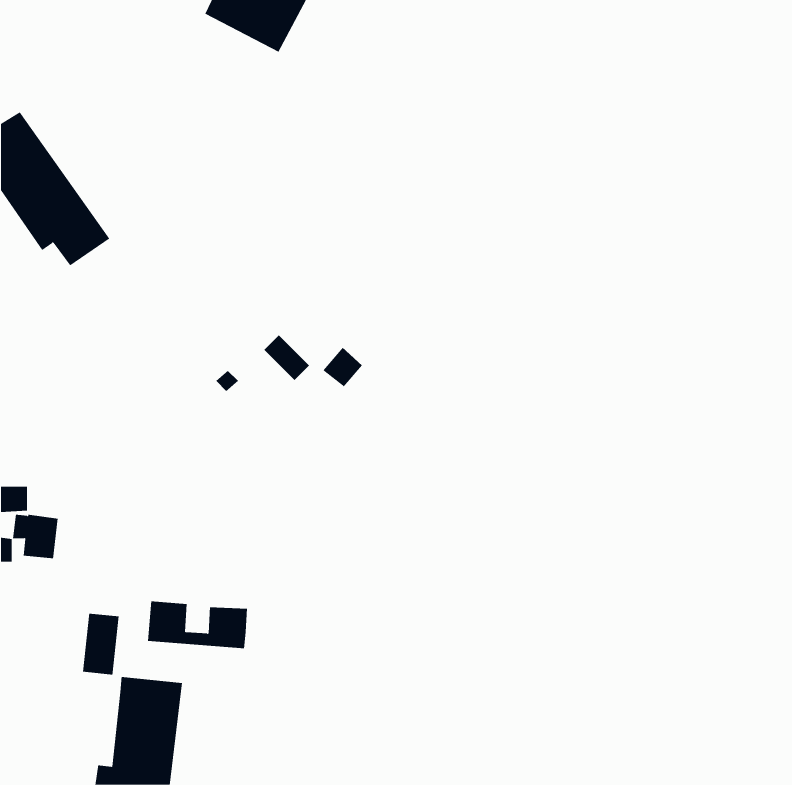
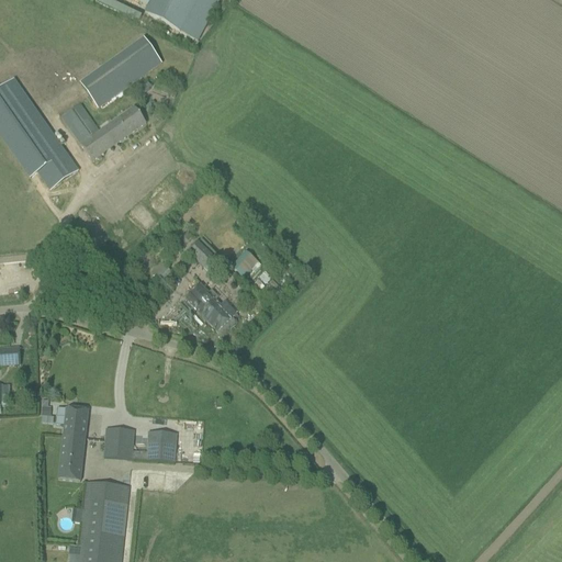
building: none -> [79,35,161,105]
building: none -> [61,102,146,159]
building: none -> [187,282,233,328]
building: [12,514,59,559] -> [55,405,88,437]

